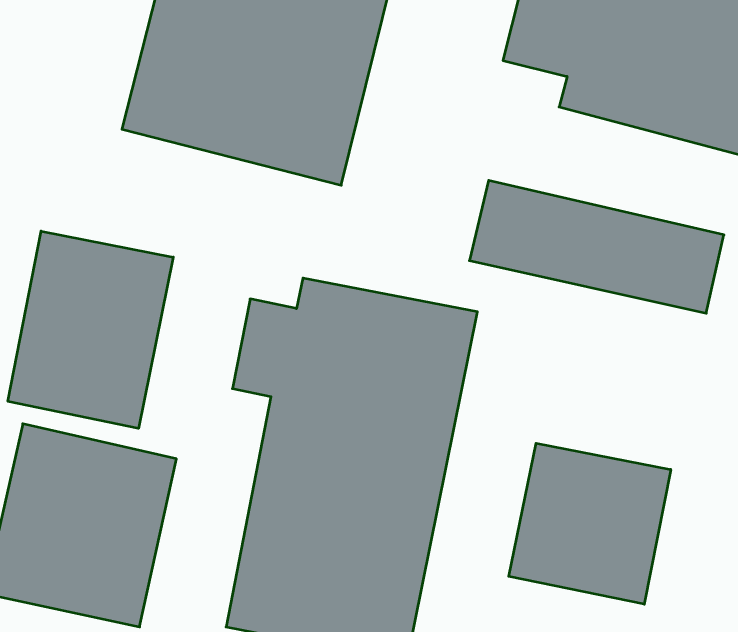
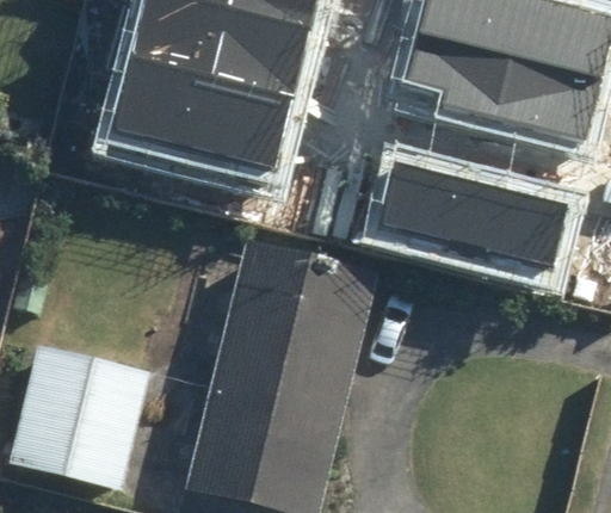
building: [8,231,173,428] -> none
building: [509,443,671,604] -> none

